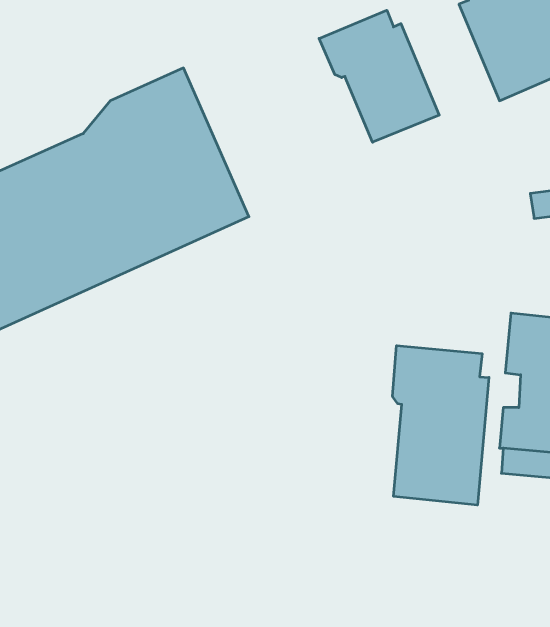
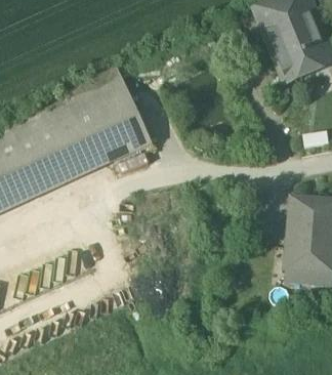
building: [319,10,439,142] -> none
building: [393,346,489,505] -> none

